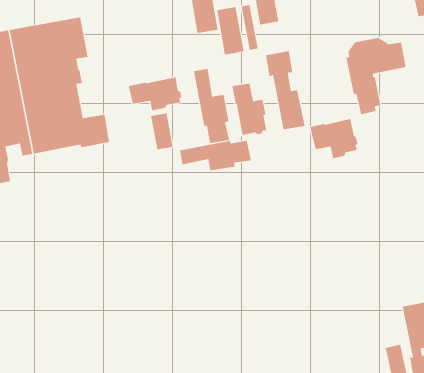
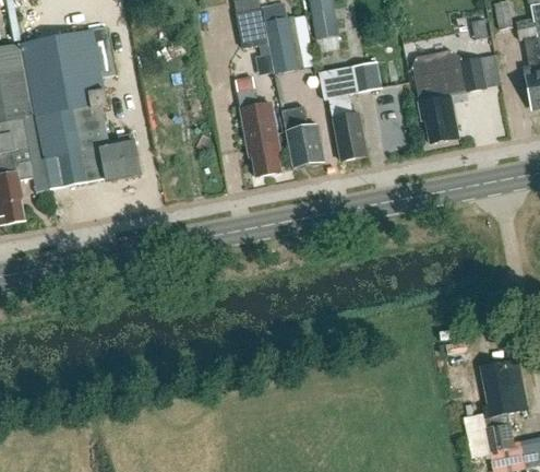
building: none -> [349,61,382,93]
building: [128,77,182,111] -> none
building: [151,113,173,150] -> none
building: [310,118,358,159] -> none
building: [179,139,252,171] -> none

